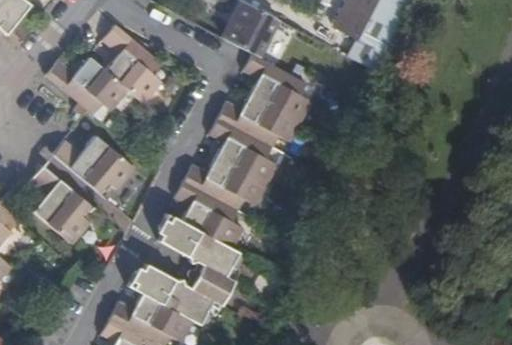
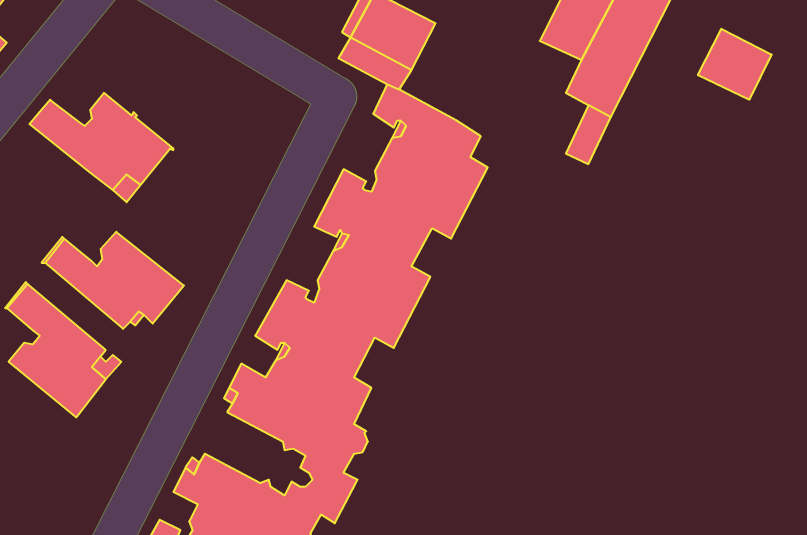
building: none -> [698,29,772,100]
building: [101,25,161,102] -> none

